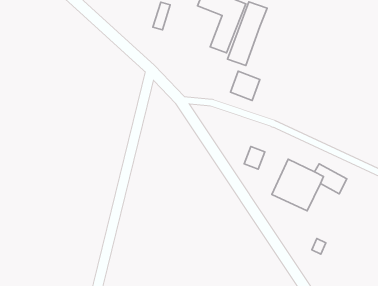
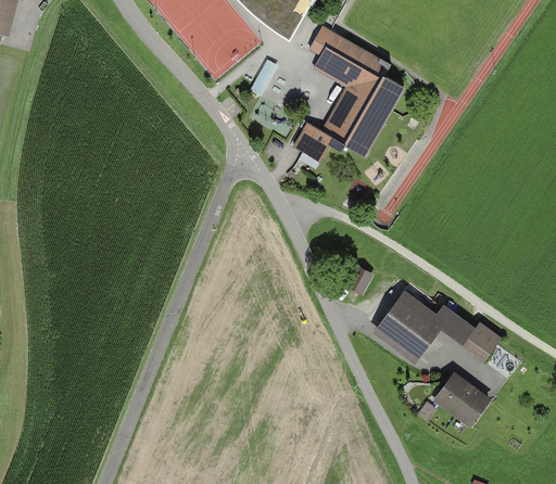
building: [230,71,260,100] -> [292,122,333,163]
building: none -> [464,320,503,360]
building: none -> [432,370,492,426]

